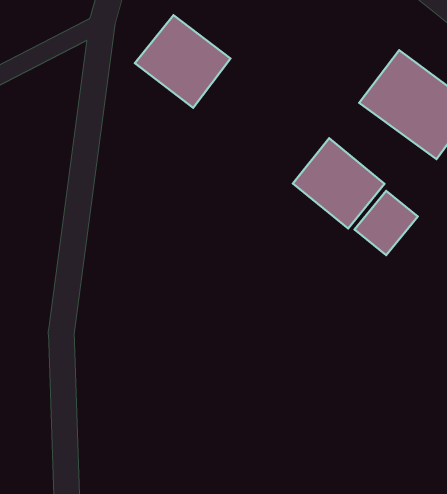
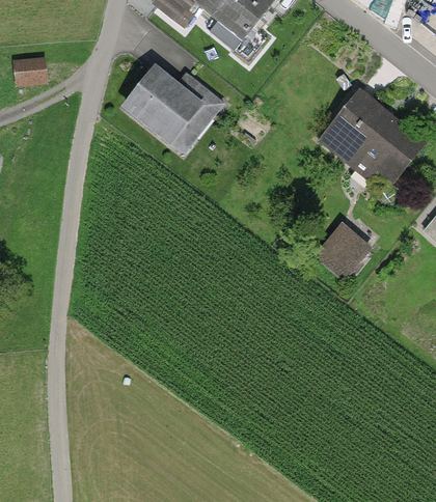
building: none -> [15,55,48,84]
building: [293,138,384,228] -> none

